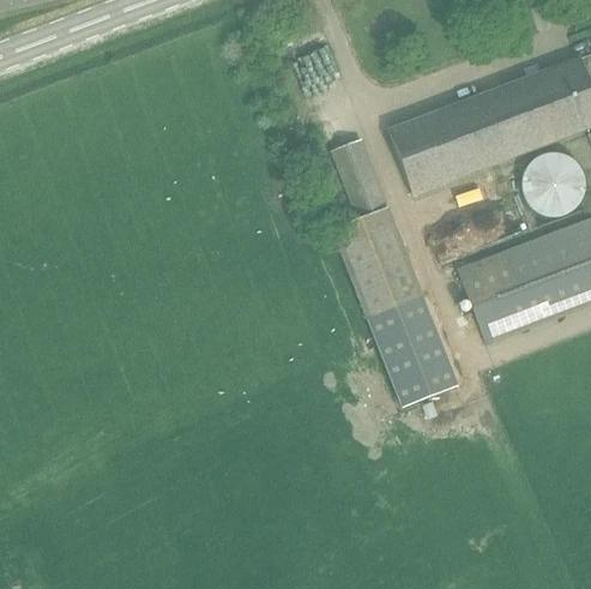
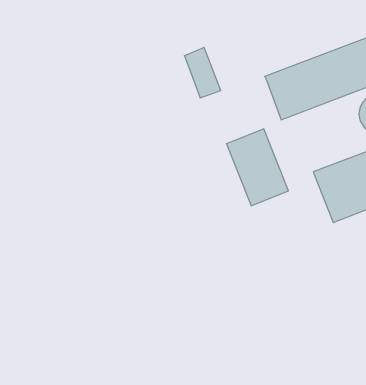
building: [332,139,385,212] -> [184,47,221,98]
building: [368,295,458,408] -> none

